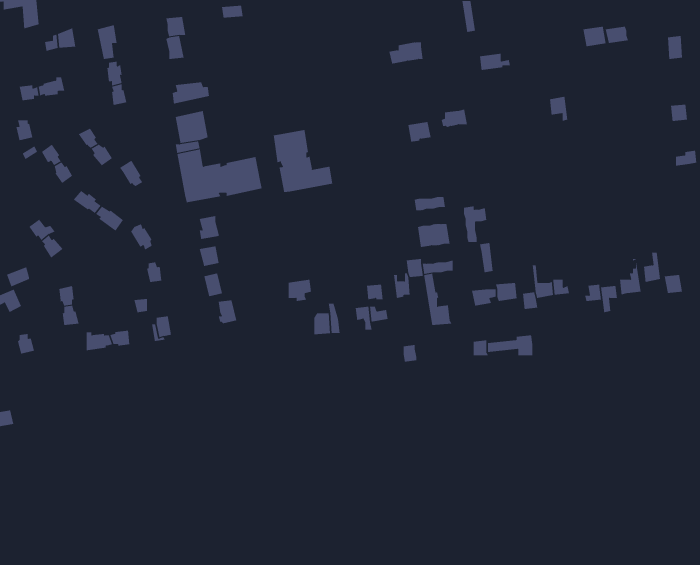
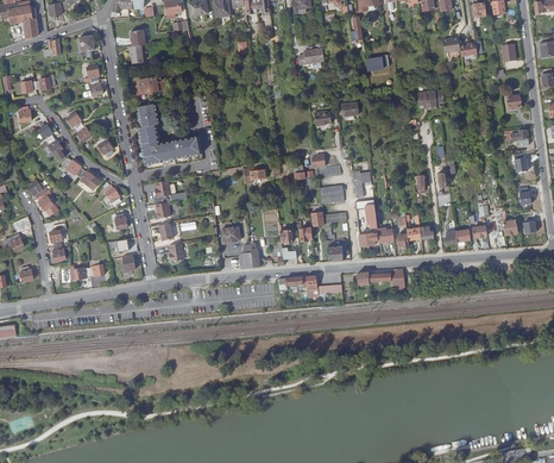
building: [273,129,333,193] -> none

